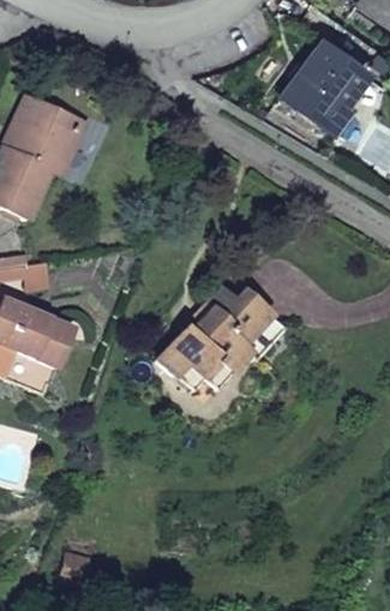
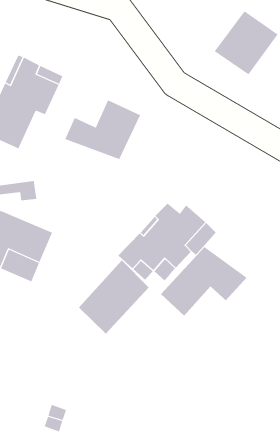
building: none -> [64,100,141,160]
building: none -> [160,246,248,316]
building: none -> [78,259,150,334]

